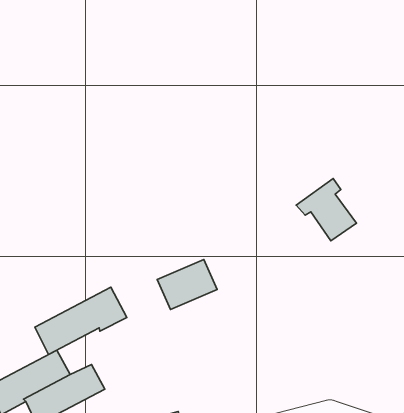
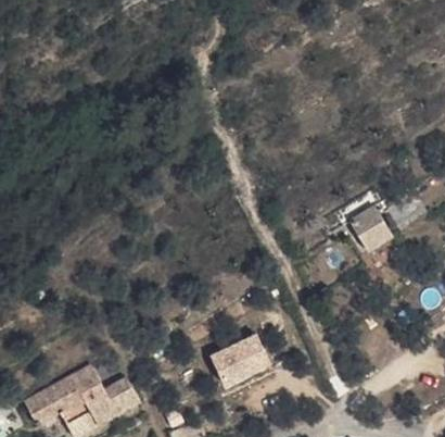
building: [157,260,217,310] -> [216,336,275,385]
building: [35,287,127,354] -> none

